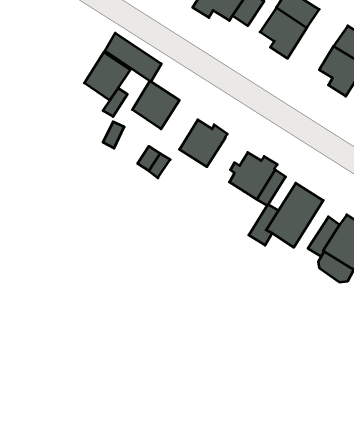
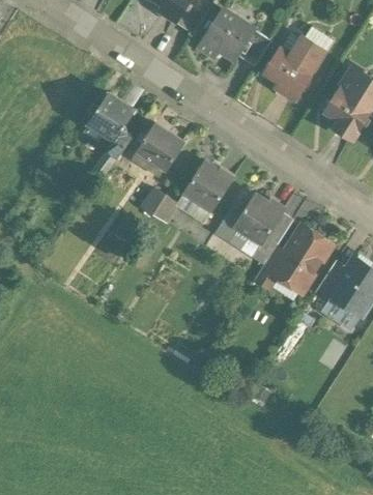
building: [105,33,161,82] -> none
building: none -> [214,201,250,249]

